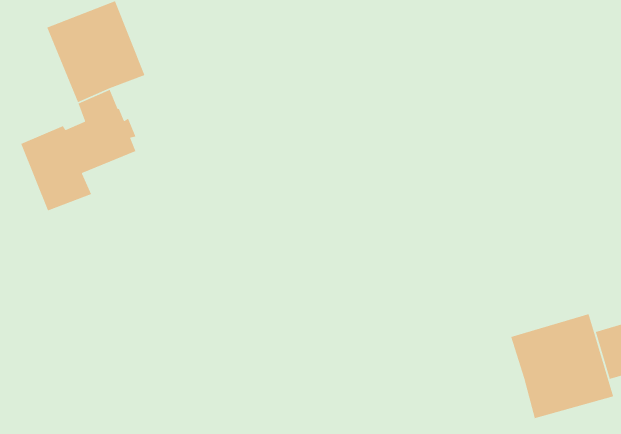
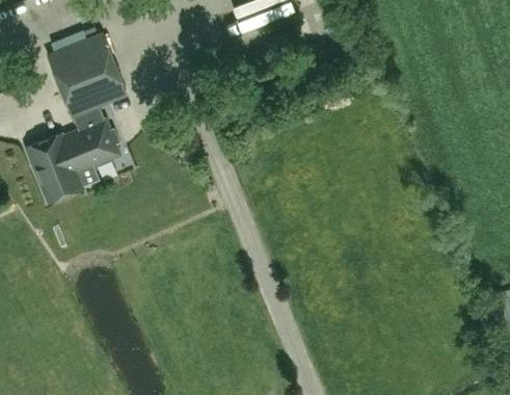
building: [510,313,614,419] -> none

